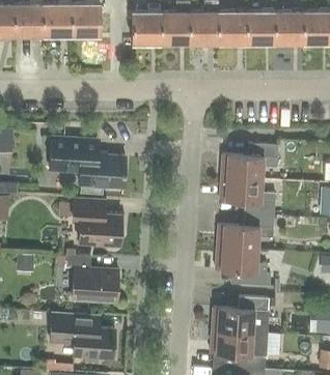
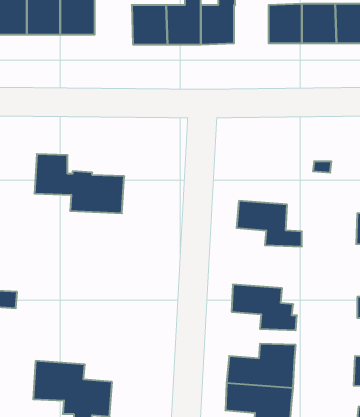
building: [218,11,247,44] -> none
building: [222,143,279,179] -> none
building: [59,196,122,244] -> none
building: [217,213,275,250] -> none
building: [65,254,119,301] -> none

